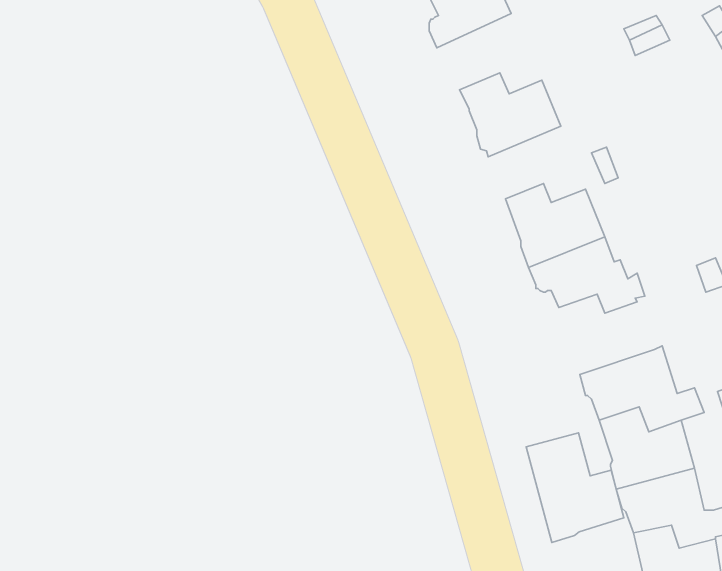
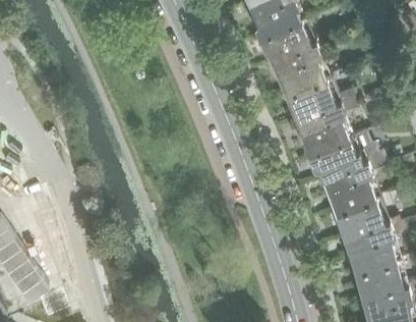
building: none -> [258,17,318,60]
building: none -> [286,77,343,118]
building: none -> [323,167,374,210]
building: [526,433,624,543] -> none

